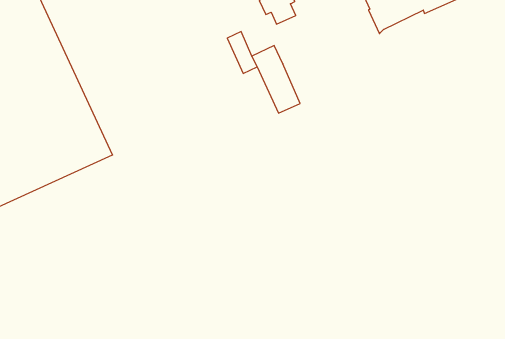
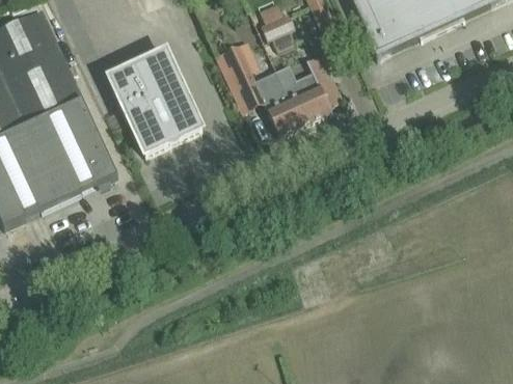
building: none -> [109,50,202,154]
building: none -> [284,54,342,125]

